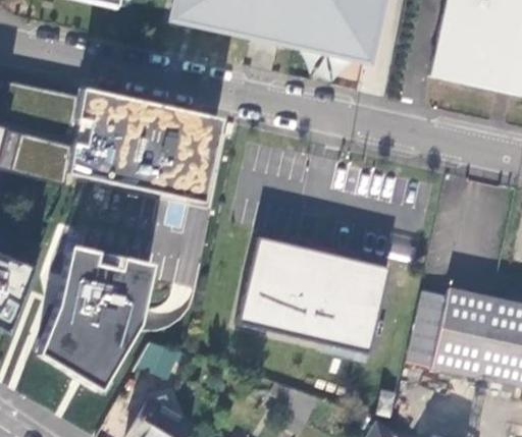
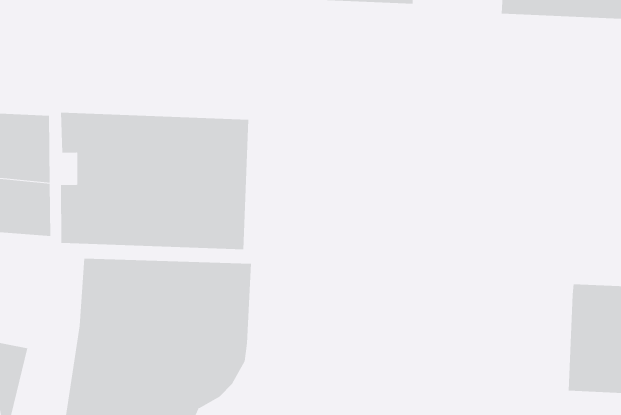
building: [239,238,387,353] -> none
building: [406,289,447,366] -> none

